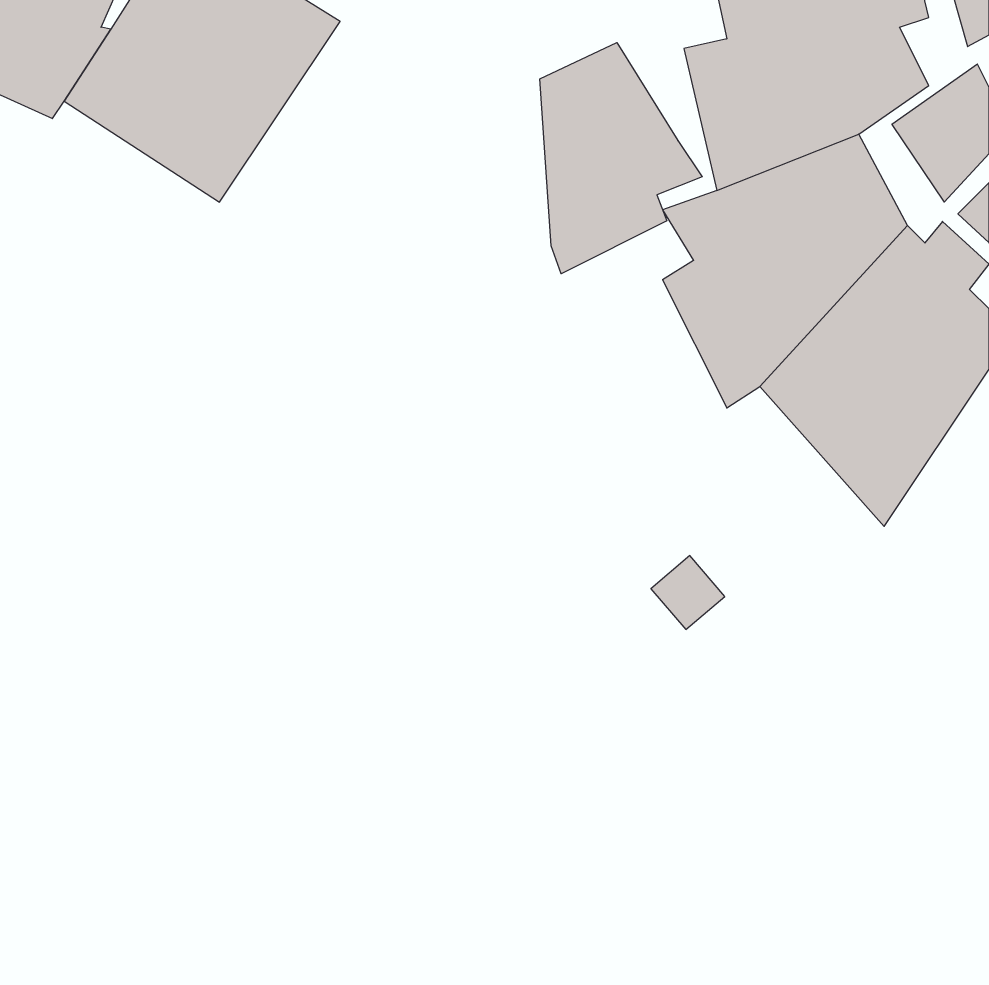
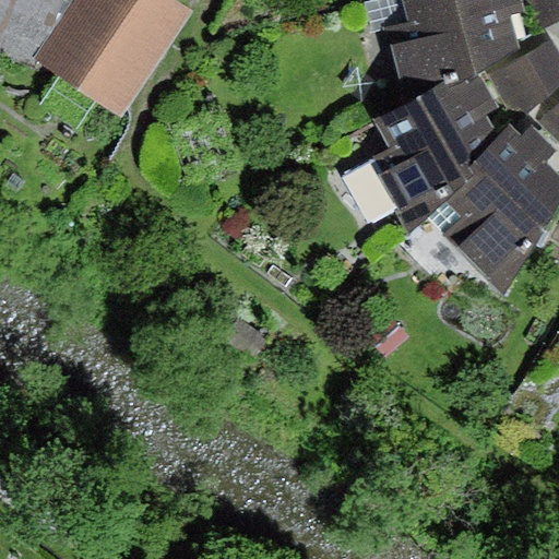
building: [540,43,702,274] -> none

